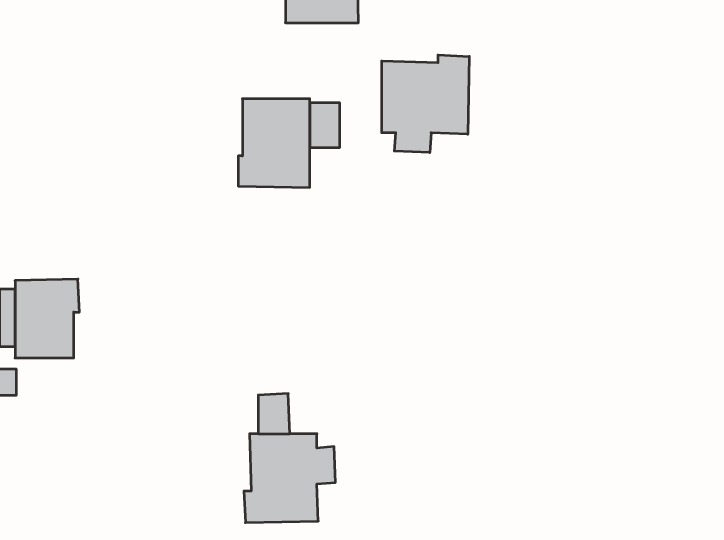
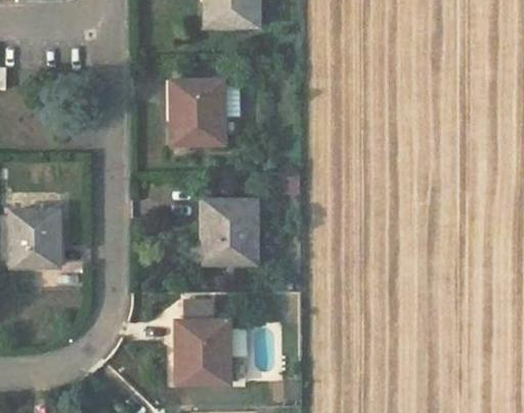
building: [382,55,469,153] -> none
building: none -> [203,198,255,262]

